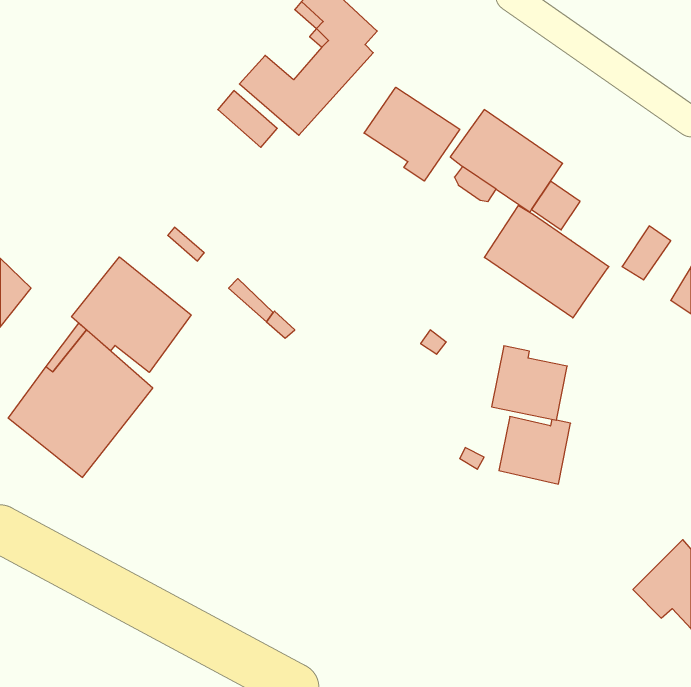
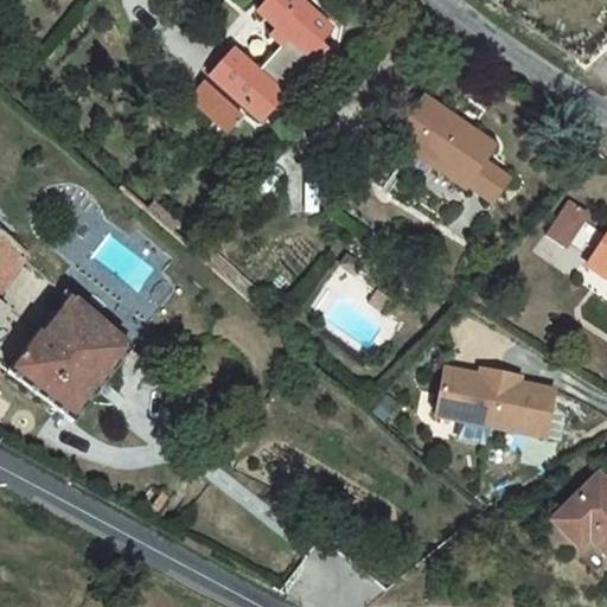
building: [364,87,460,181] -> none
building: [484,205,609,318] -> none
building: [72,257,191,372] -> none
building: [492,346,567,420] -> [490,371,556,436]

